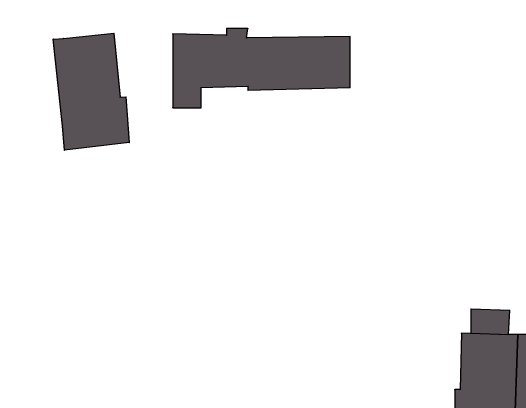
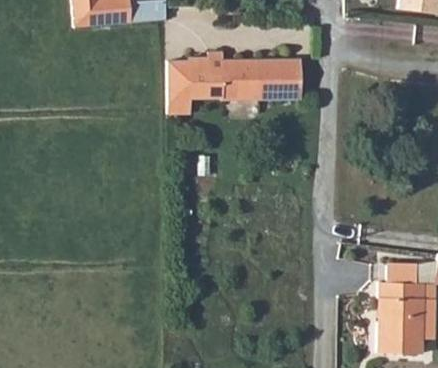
building: [53,33,129,150] -> none

